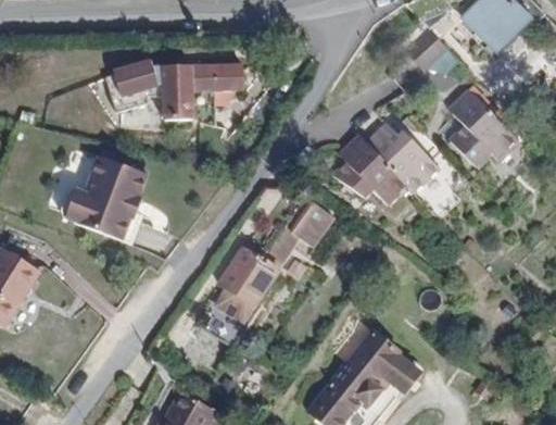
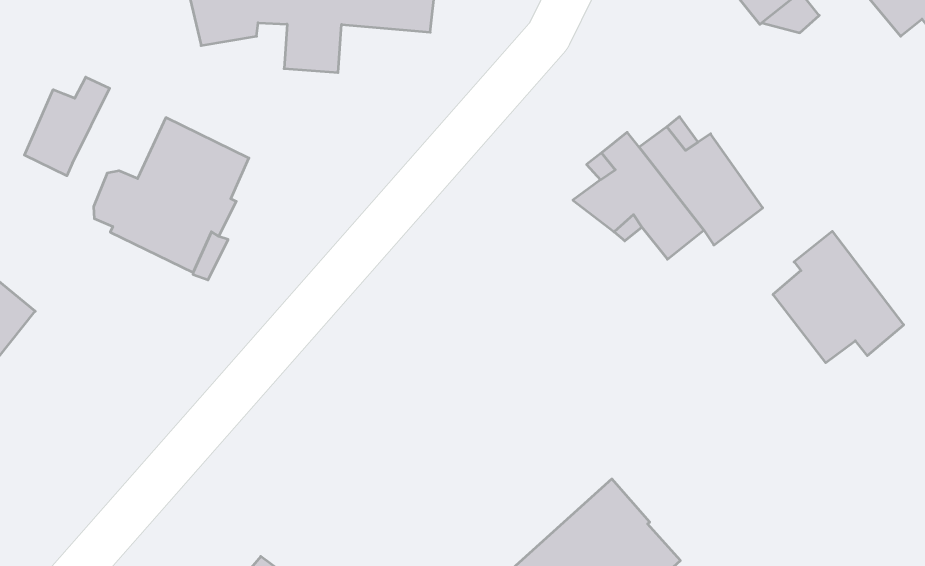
building: [440,89,515,163] -> [773,231,904,363]
building: none -> [24,77,110,176]
building: [201,197,332,336] -> none

